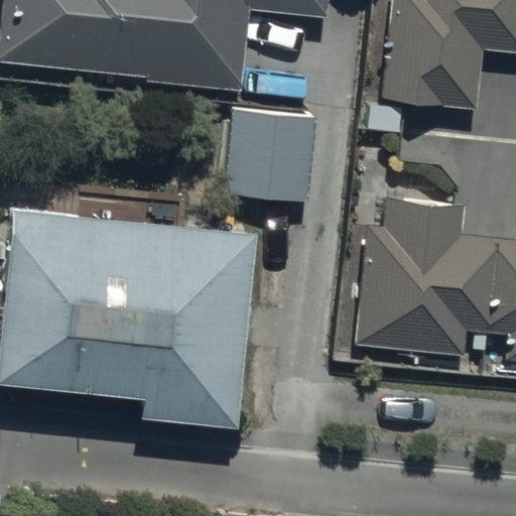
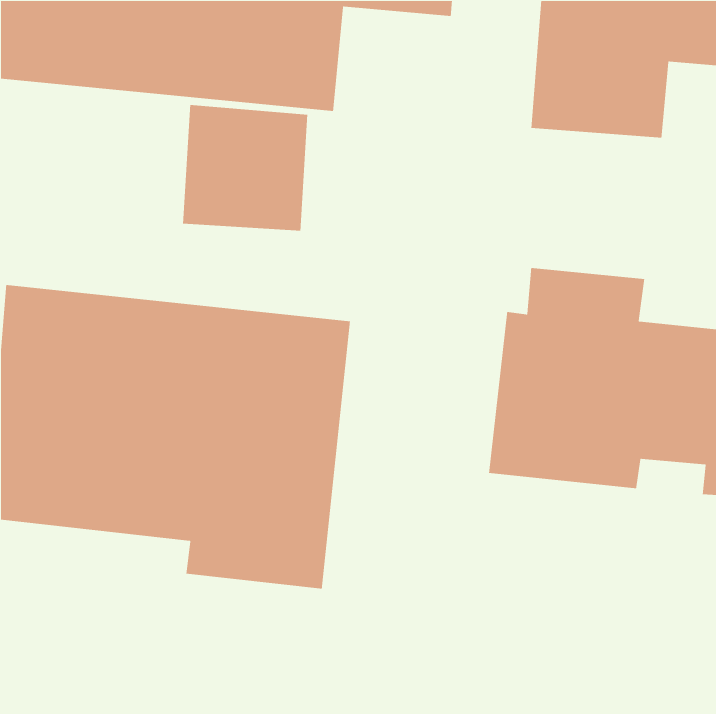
building: [226,109,315,200] -> [182,104,308,231]

